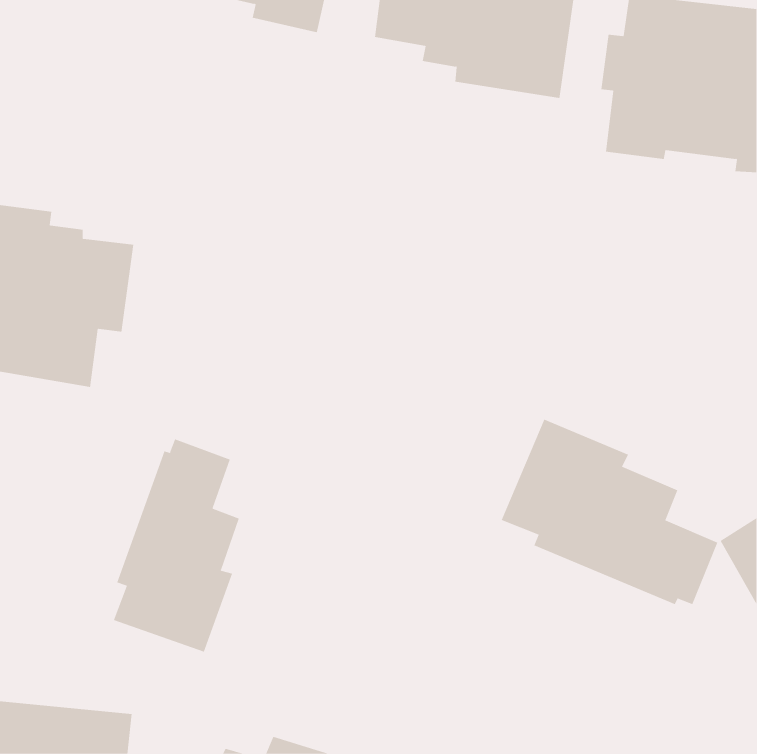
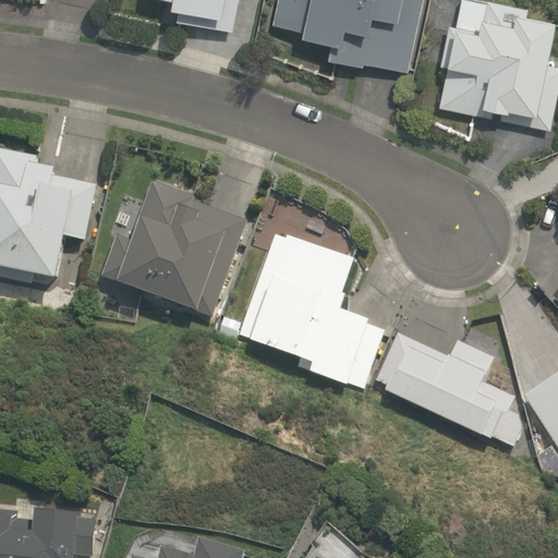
building: none -> [102,187,246,320]
building: none -> [239,231,383,387]
building: [113,438,240,653] -> none

